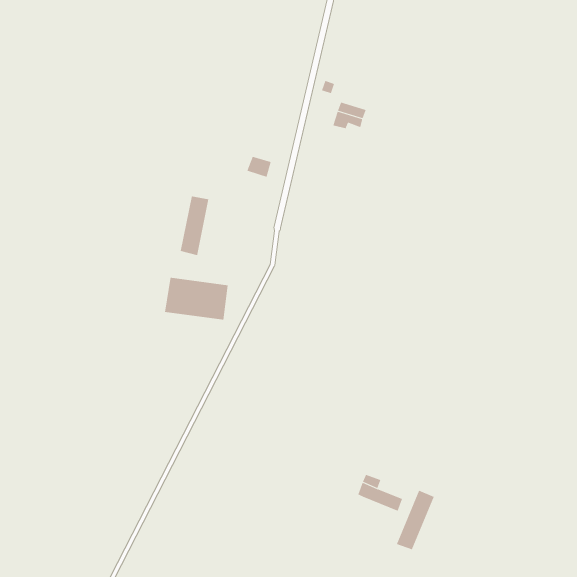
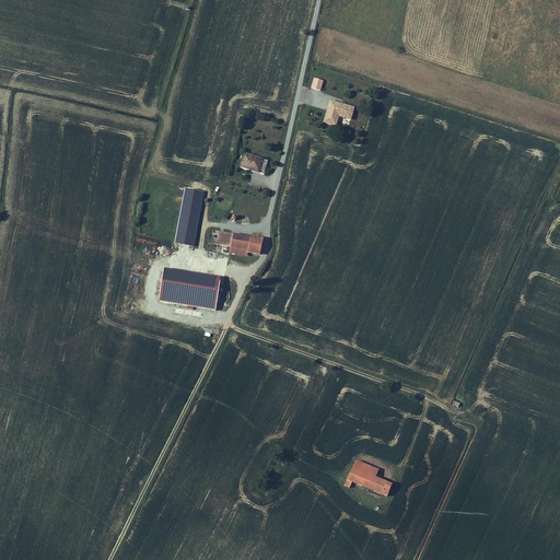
building: none -> [214,228,264,254]
building: [396,490,434,550] -> none

